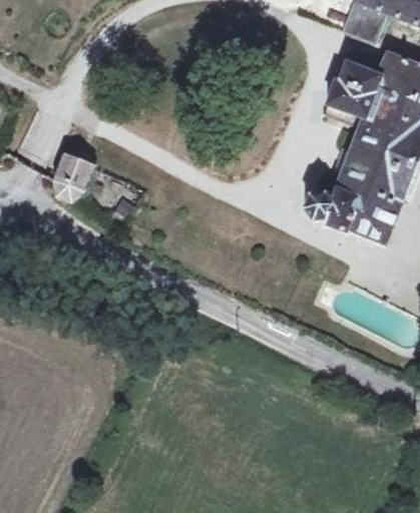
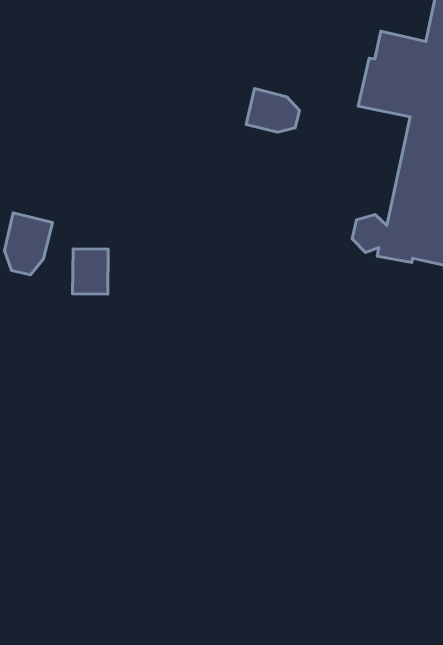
building: none -> [246,89,299,132]

